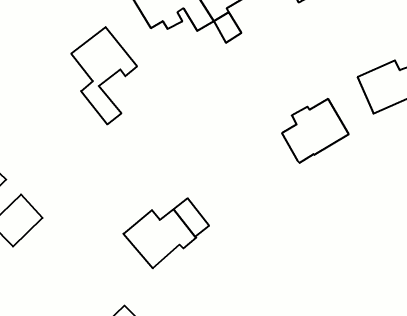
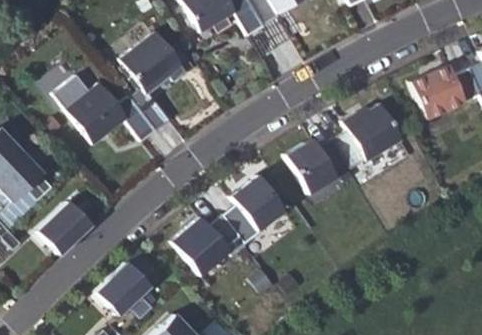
building: none -> [57,76,158,144]
building: none -> [286,138,351,195]
building: none -> [232,175,284,233]
building: none -> [98,263,155,318]

